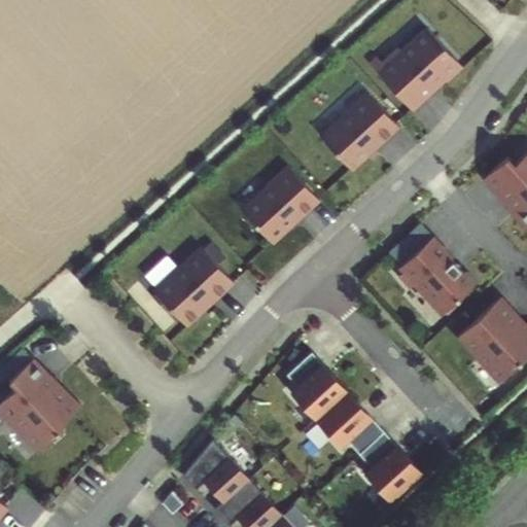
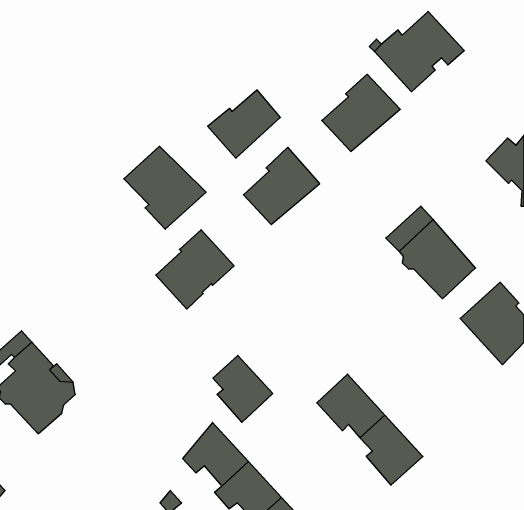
building: none -> [208,90,280,158]
building: none -> [124,146,206,229]
building: [287,352,347,419] -> [213,355,273,422]

